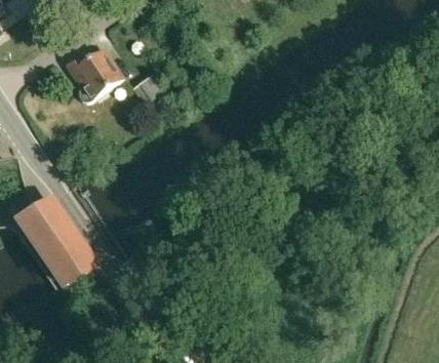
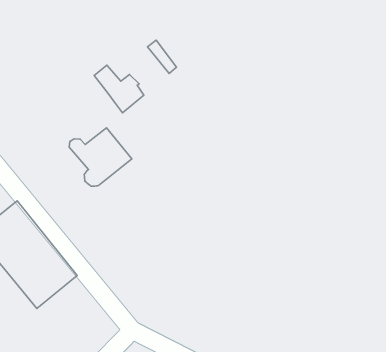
building: [69,48,124,99] -> [69,128,132,186]

